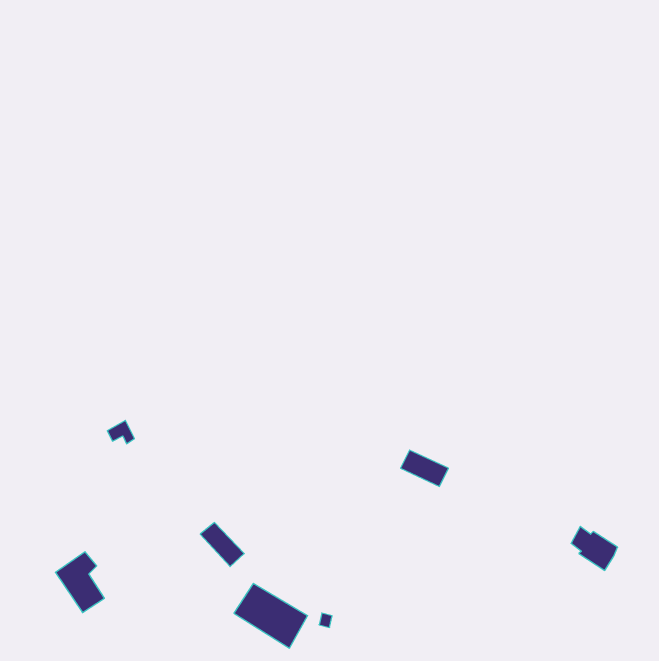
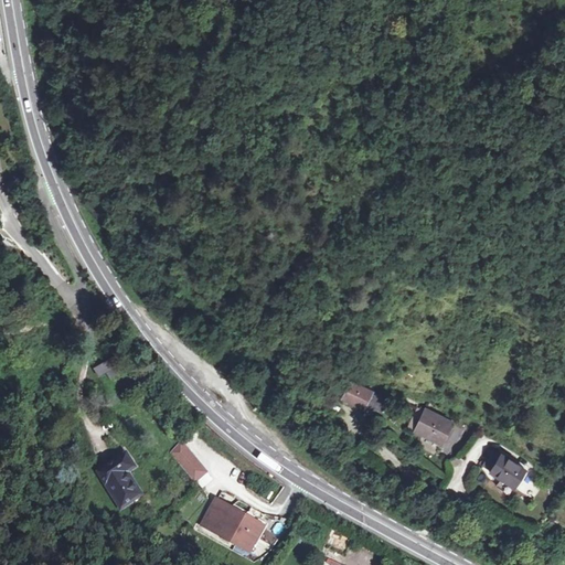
building: none -> [408,407,454,445]
building: [55,552,104,613] -> [98,452,140,504]

